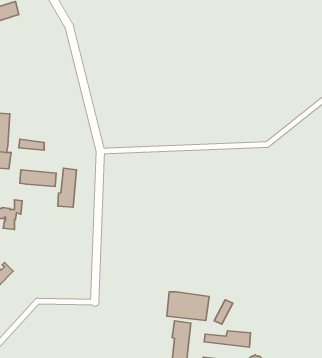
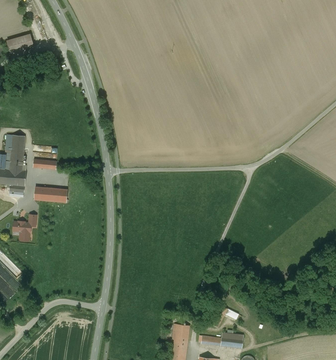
building: [58,168,77,207] -> none
building: [167,292,209,321] -> none

